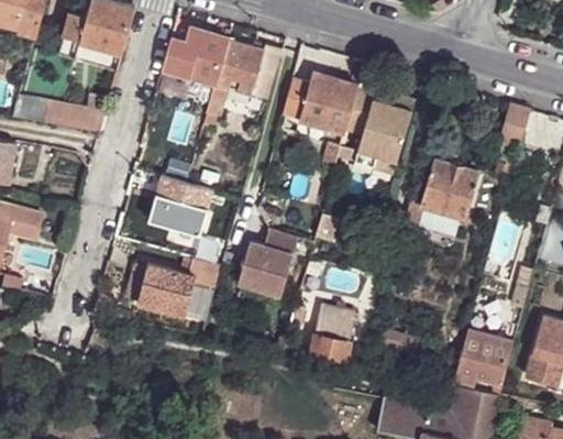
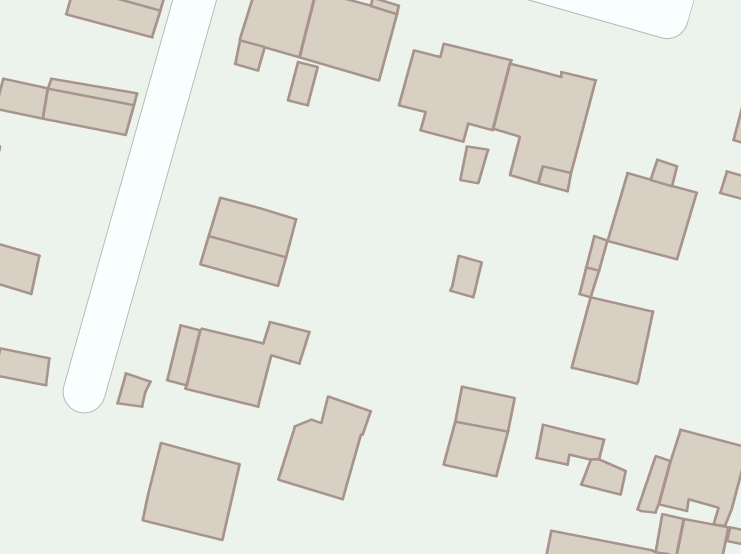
building: [236,229,298,297] -> [278,397,371,499]
building: none -> [572,297,653,384]
building: none -> [143,443,239,540]

